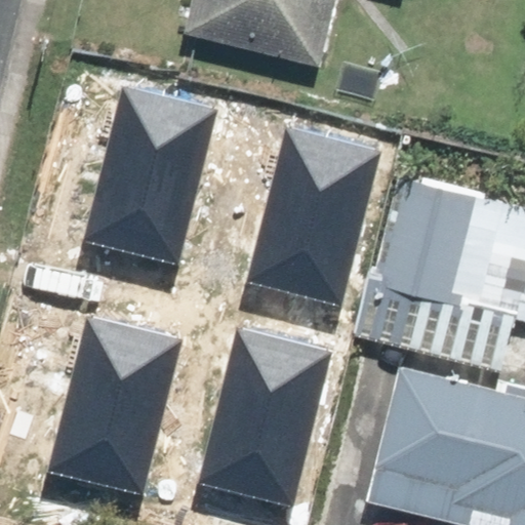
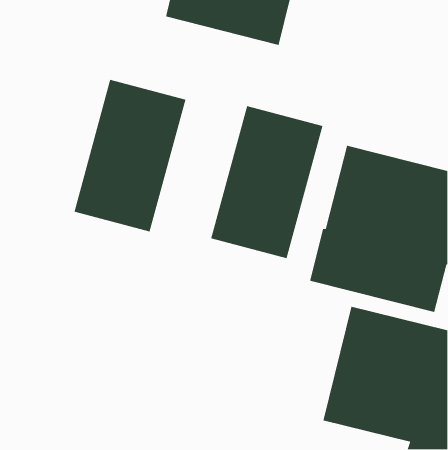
building: [47,317,178,496] -> none
building: [203,333,334,513] -> none

